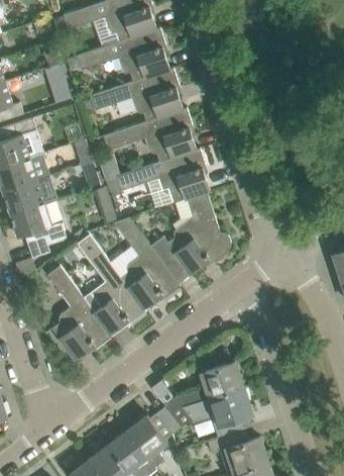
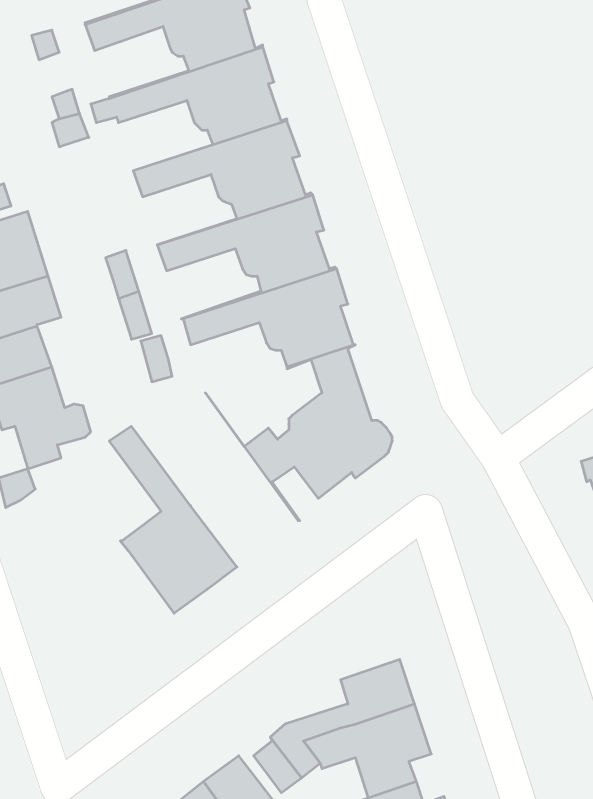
building: [114,217,180,312] -> none
building: [47,266,112,360] -> none

